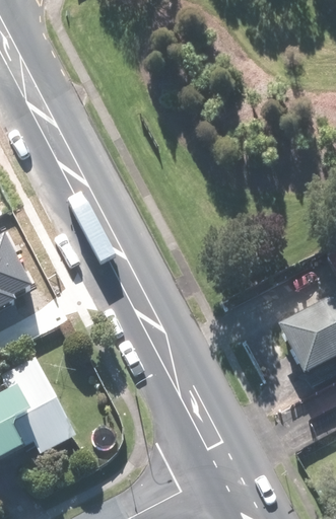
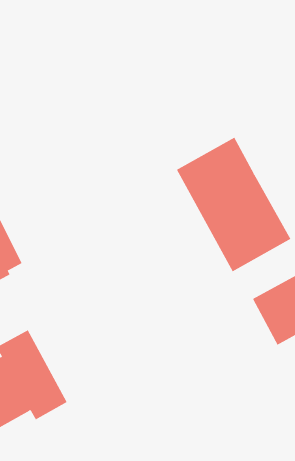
building: none -> [176,137,291,272]

